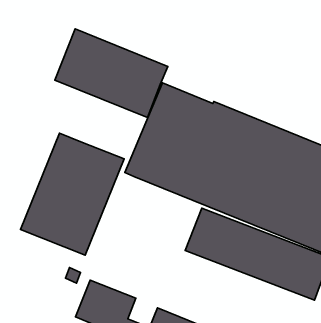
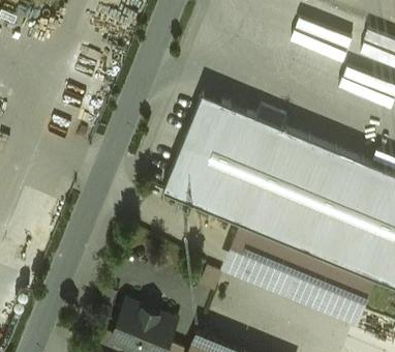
building: [55,29,168,117] -> none
building: [21,133,124,255] -> none

